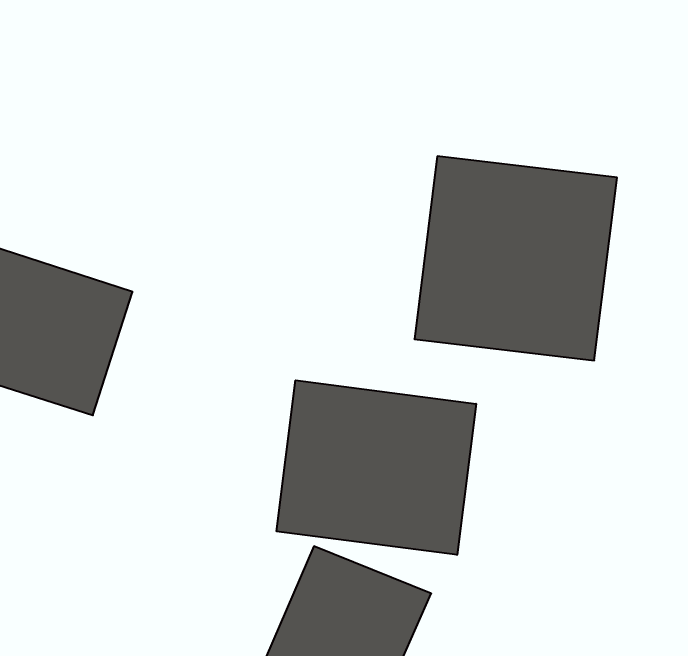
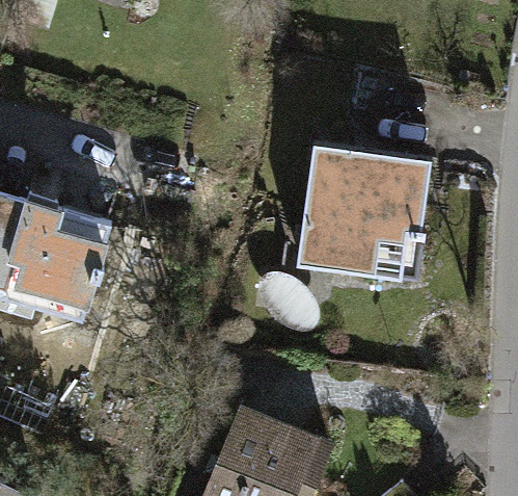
building: [277,380,476,555] -> none

